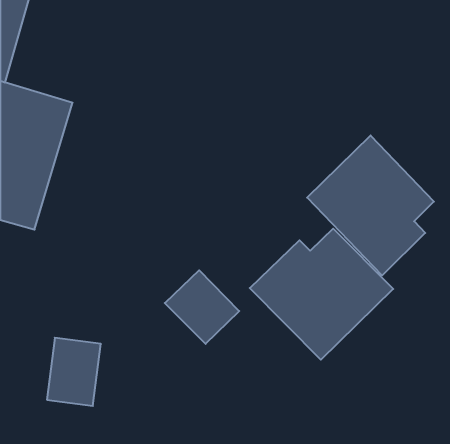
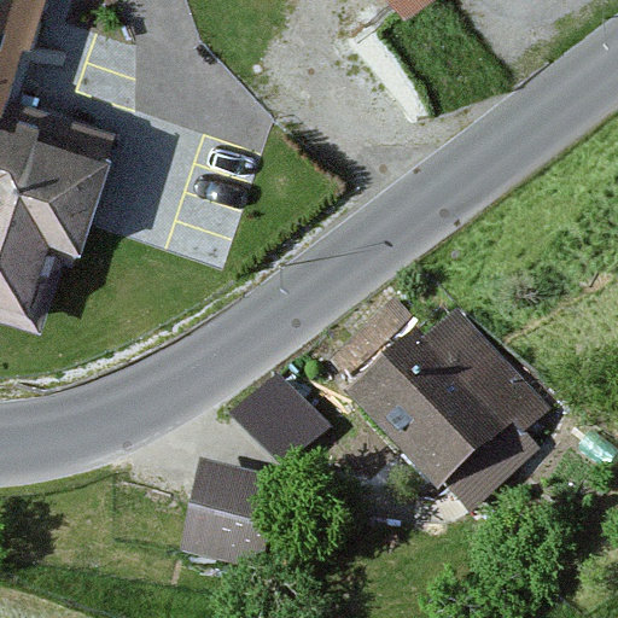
building: [307,135,434,275] -> none
building: [47,338,101,406] -> [181,461,255,554]

